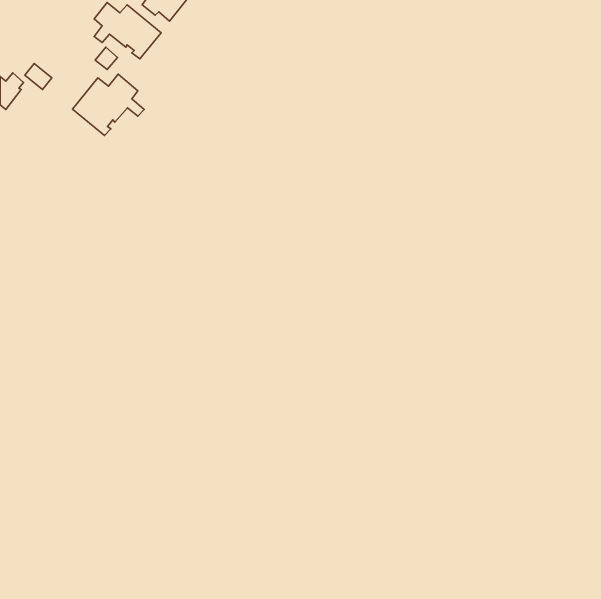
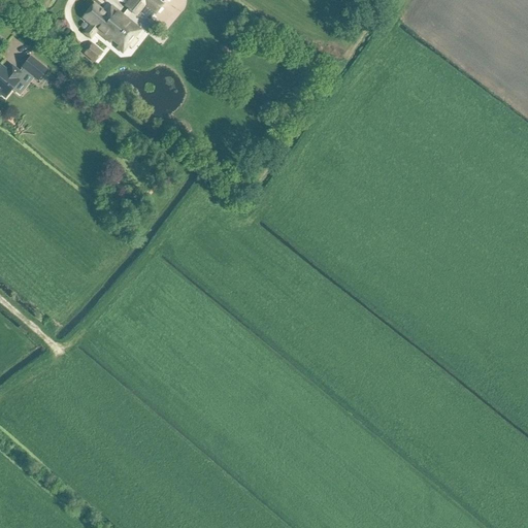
building: [73,74,144,135] -> none

